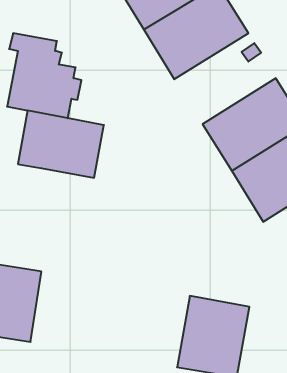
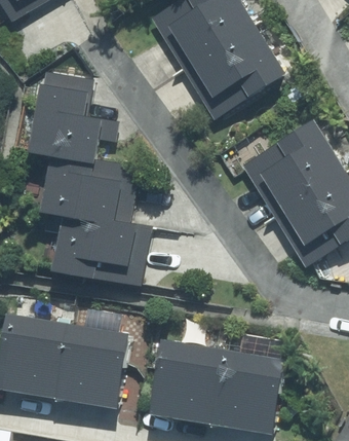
building: none -> [61,214,149,286]
building: none -> [60,323,133,407]
building: none -> [157,338,227,424]

